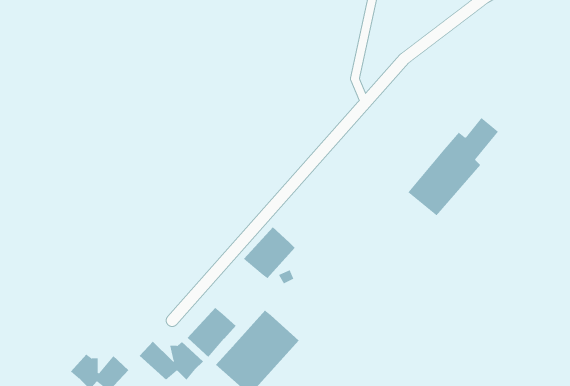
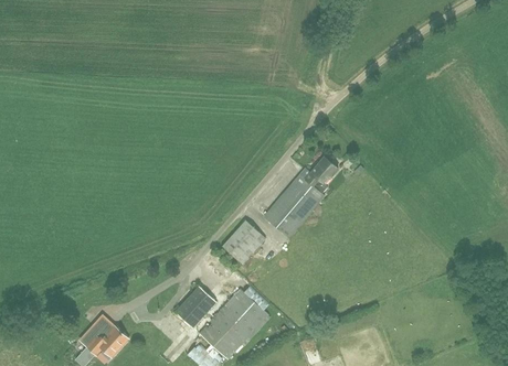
building: [407,117,499,216] -> [264,154,339,236]
building: [139,341,204,381] -> none

